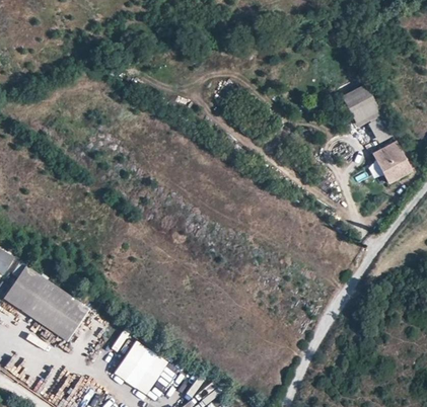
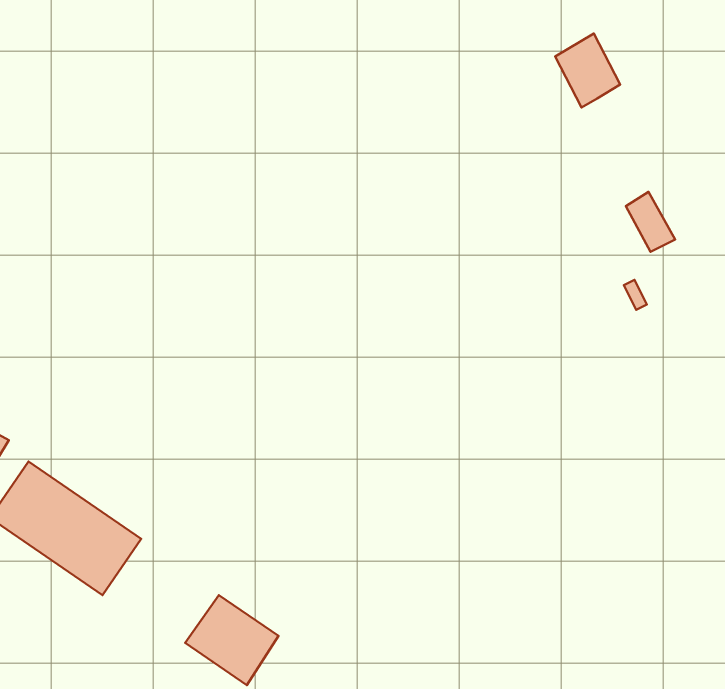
building: [344,82,381,125] -> [555,33,620,107]
building: [374,139,412,180] -> none

